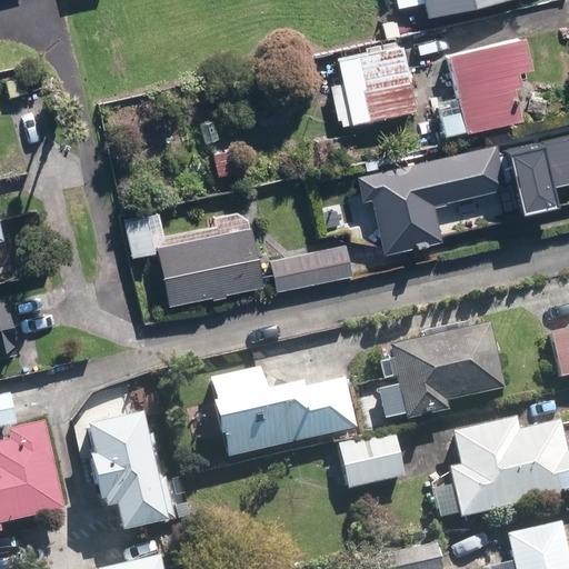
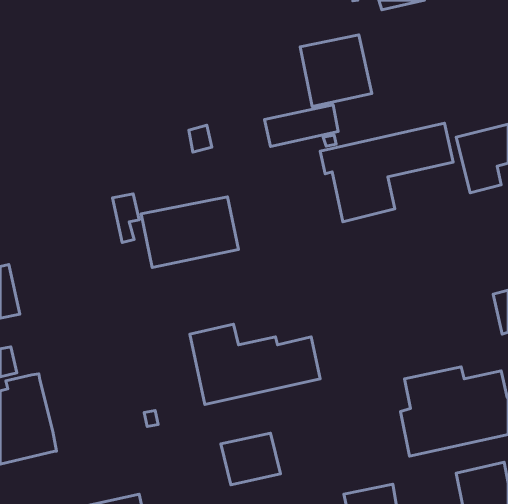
building: [432,36,531,134] -> none
building: [270,252,352,299] -> [264,105,338,146]
building: [391,321,508,419] -> none
building: [89,409,170,530] -> none
building: [338,433,405,491] -> [221,433,281,485]

